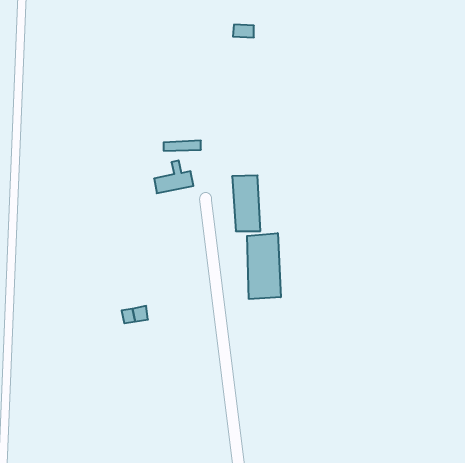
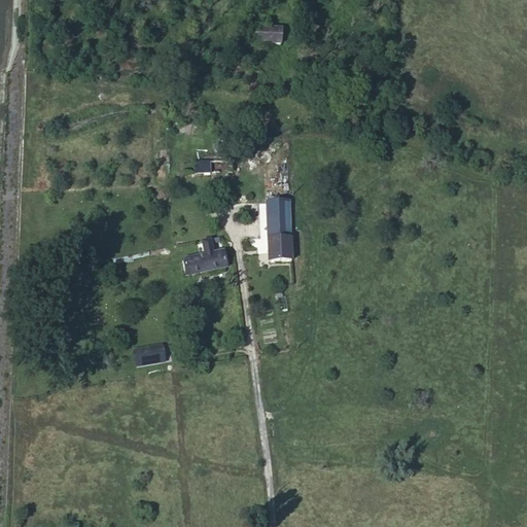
building: [154,160,193,193] -> [183,236,227,273]
building: [247,233,281,299] -> none

